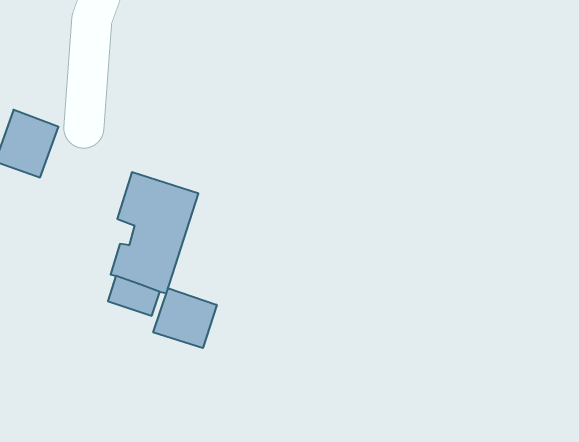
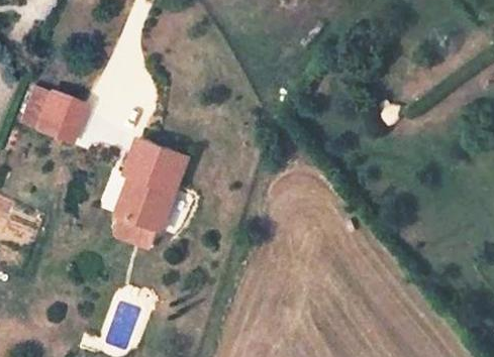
building: [153,288,217,348] -> none

